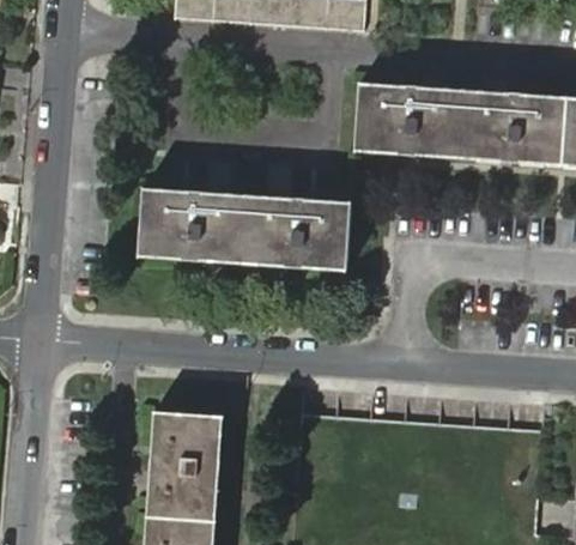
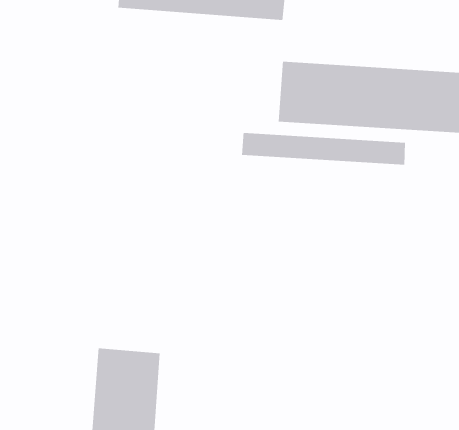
building: none -> [241,132,405,166]
building: [138,187,353,268] -> none

